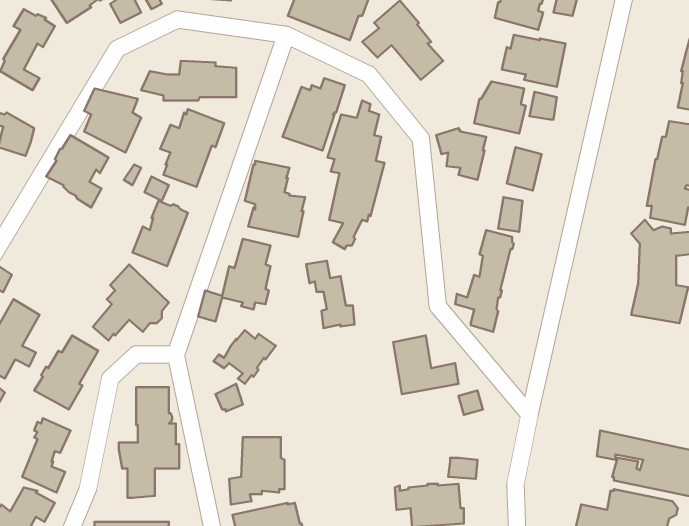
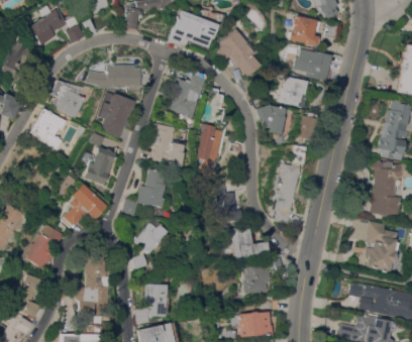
building: [306,261,354,328] -> [215,183,243,222]
building: none -> [366,221,400,273]
building: none -> [244,260,271,294]

